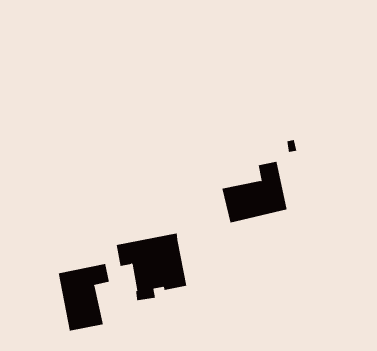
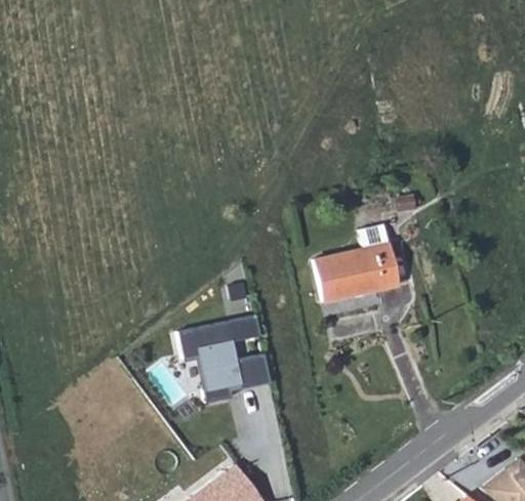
building: [58,263,110,332] -> none

